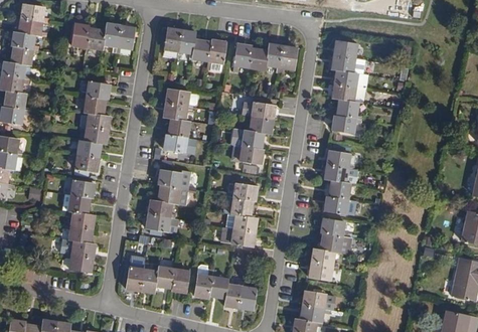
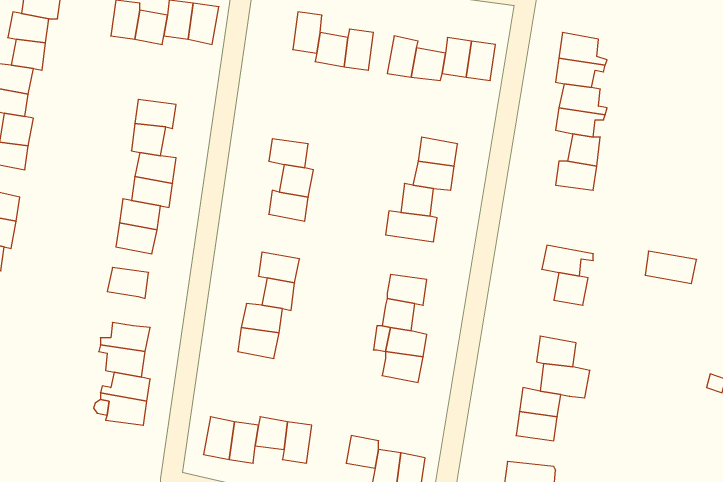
building: [163,28,181,59] -> none
building: [166,90,197,109] -> none
building: [327,153,357,172] -> [645,251,697,284]
building: [60,193,88,214] -> none
building: [324,198,356,217] -> none
building: [194,268,213,301] -> none

